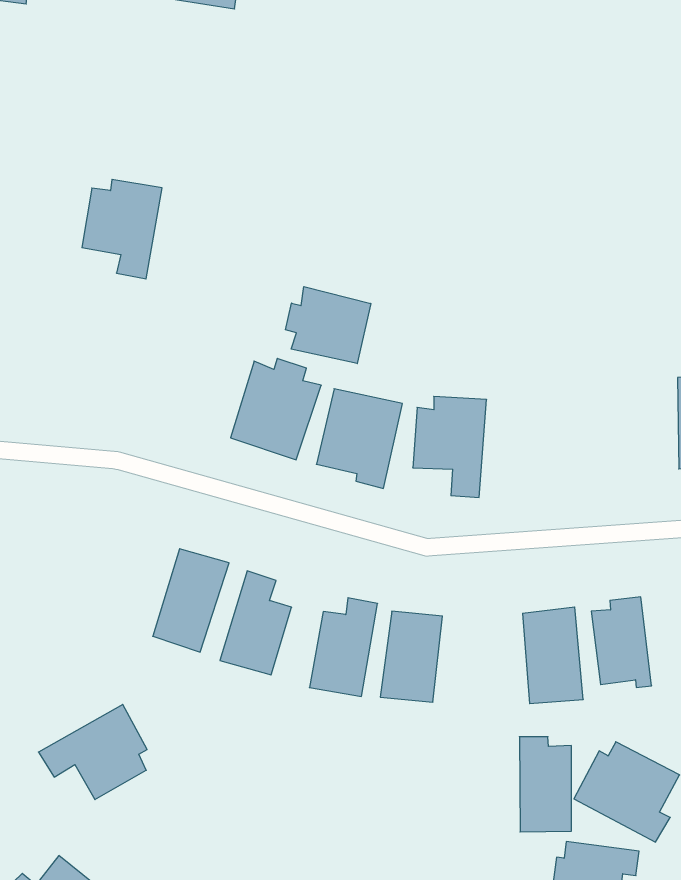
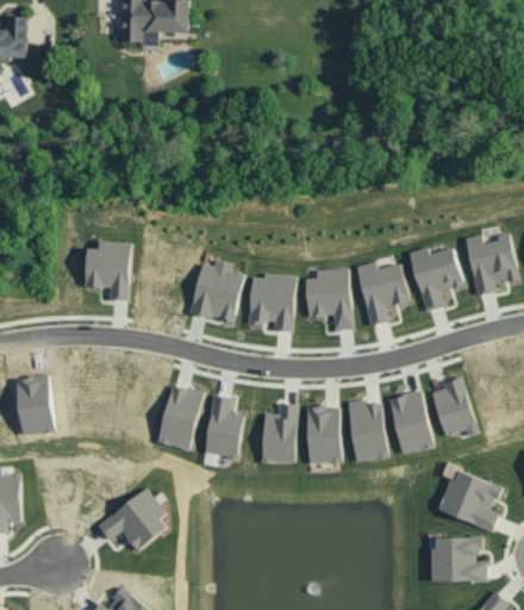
building: [82,179,162,279] -> [86,241,131,300]
building: [285,287,371,364] -> none
building: none -> [408,247,464,310]
building: none -> [357,262,410,324]
building: [519,737,571,832] -> [348,399,388,461]

